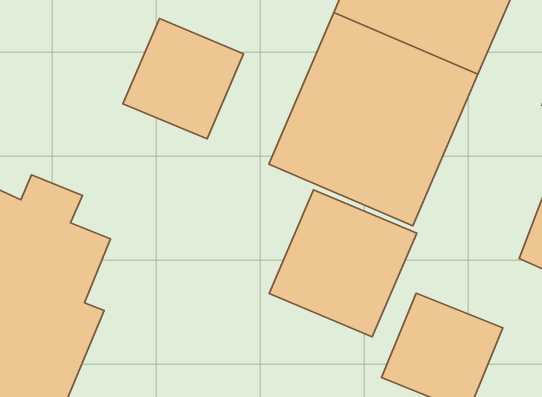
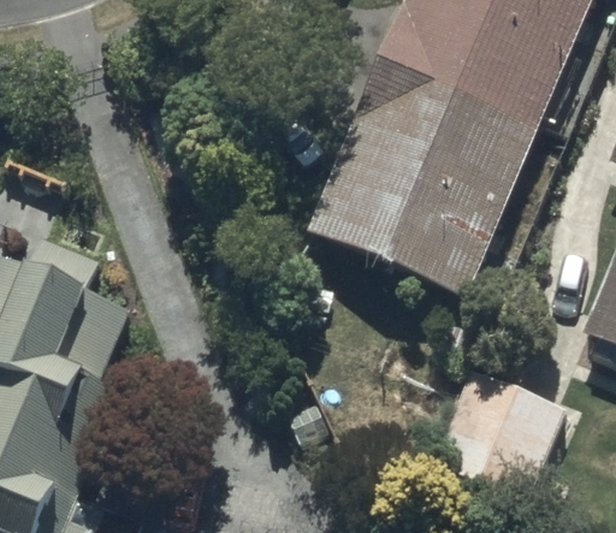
building: [123,19,244,139] -> none
building: [269,190,417,337] -> none

